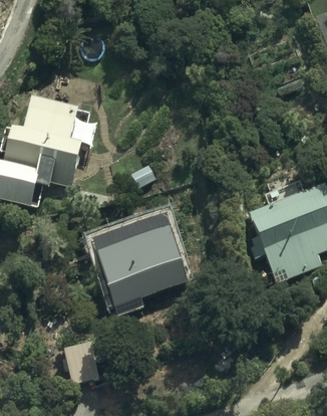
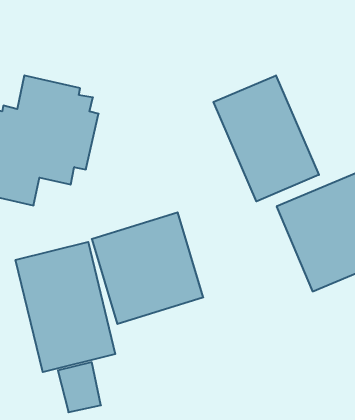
building: none -> [213,75,319,201]
building: none -> [16,242,115,372]

